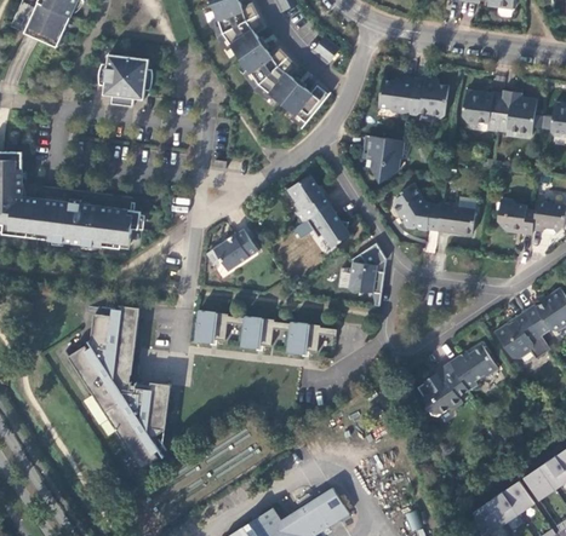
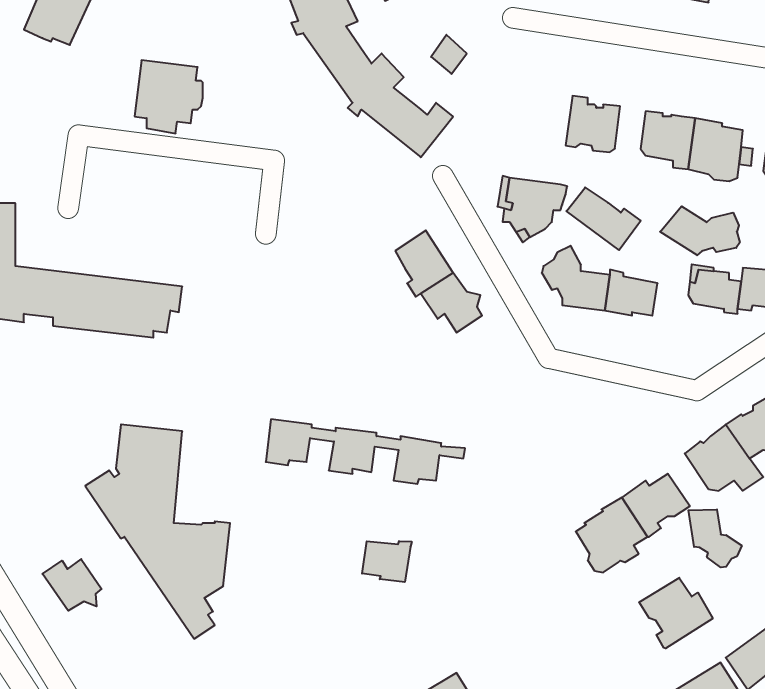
building: [378,76,415,114] -> none
building: none -> [566,187,641,250]
building: none -> [660,206,740,255]
building: [207,229,259,270] -> none
building: [349,243,385,306] -> none
building: none -> [688,509,742,567]
building: none -> [362,541,412,582]
building: none -> [42,559,102,611]
building: none -> [639,578,713,648]

